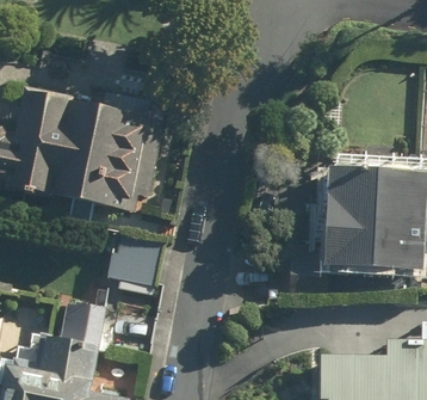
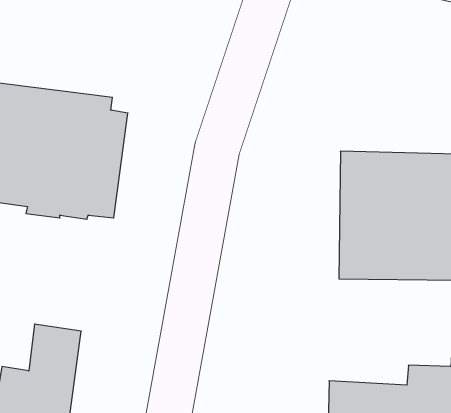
building: [105,233,163,288] -> none

